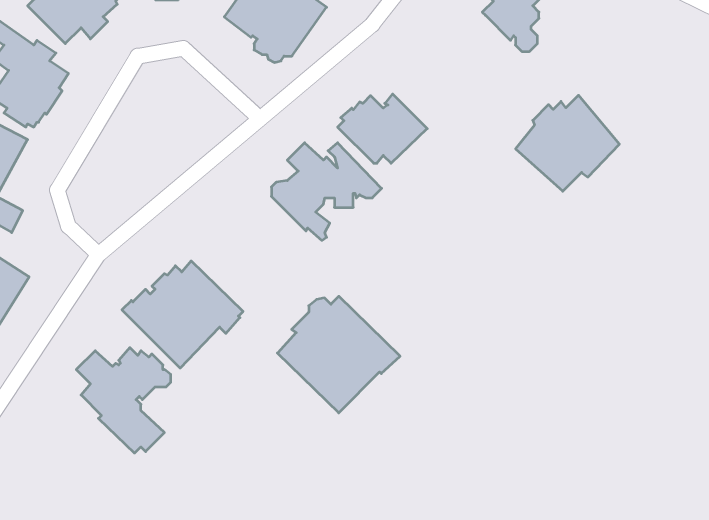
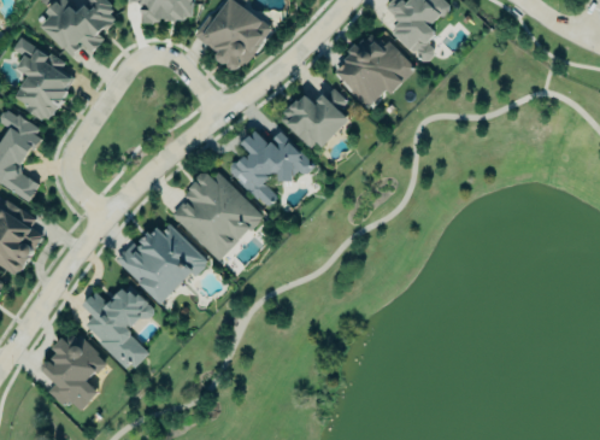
building: [516,95,619,191] -> [335,31,414,105]
building: [277,296,400,413] -> [170,171,264,260]
building: none -> [40,336,106,411]

